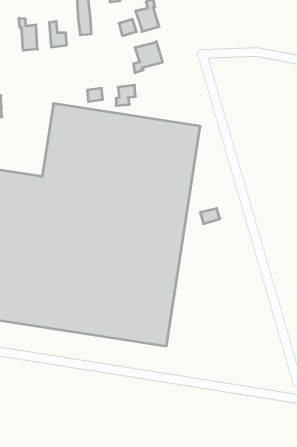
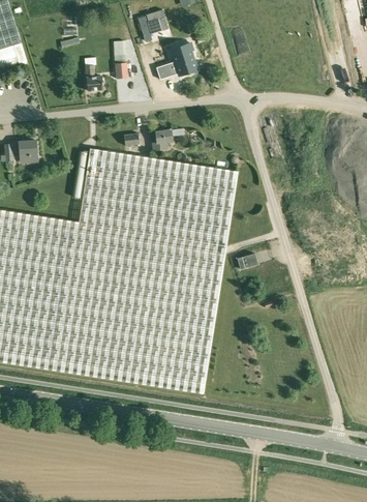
building: [19,18,38,50] -> none
building: [133,41,162,73] -> none

